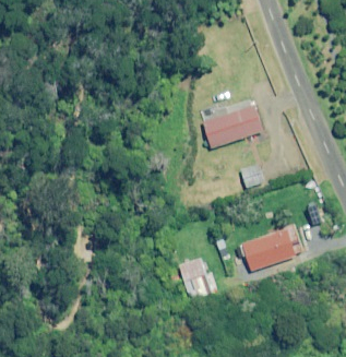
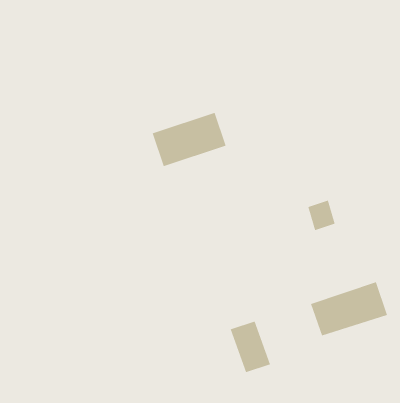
building: [203,105,261,147] -> [152,112,226,167]

